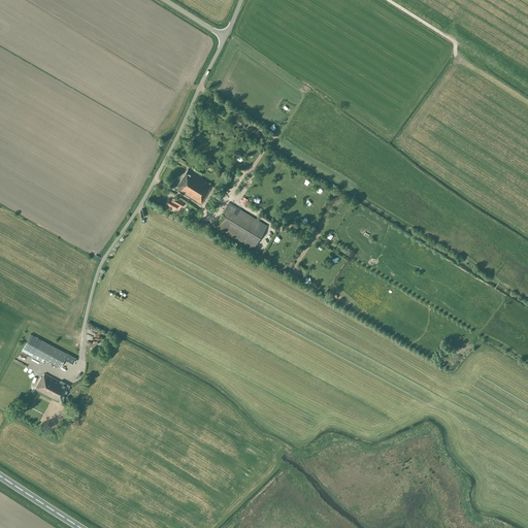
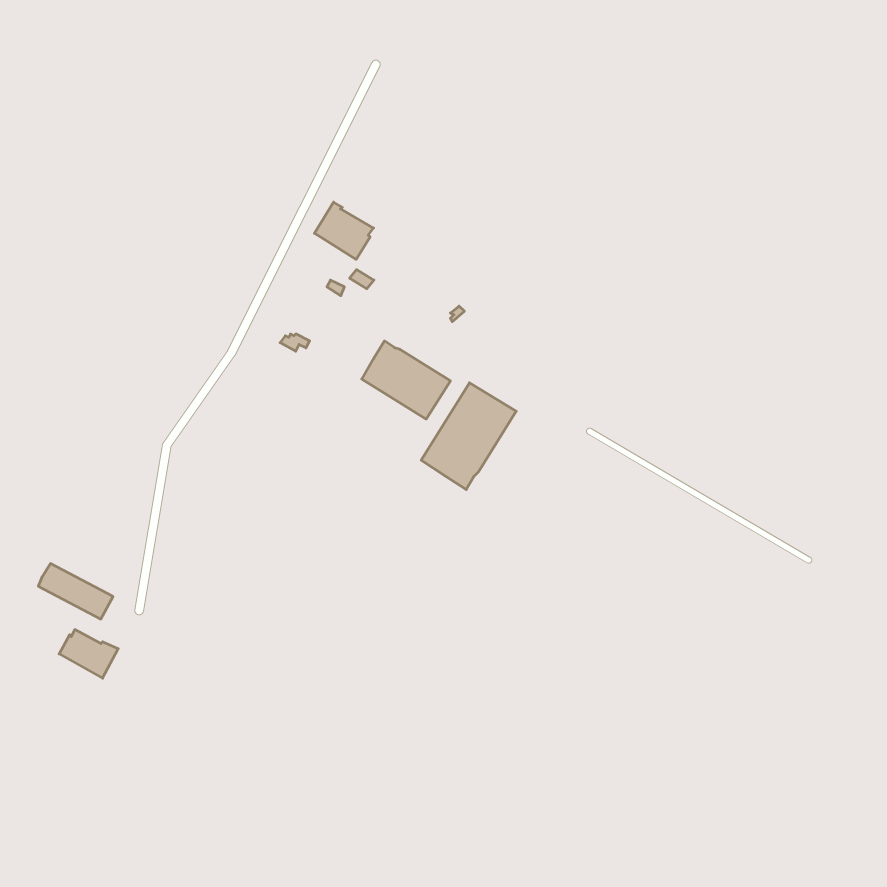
building: [177,170,212,204] -> [314,202,374,259]
building: none -> [421,383,516,490]

